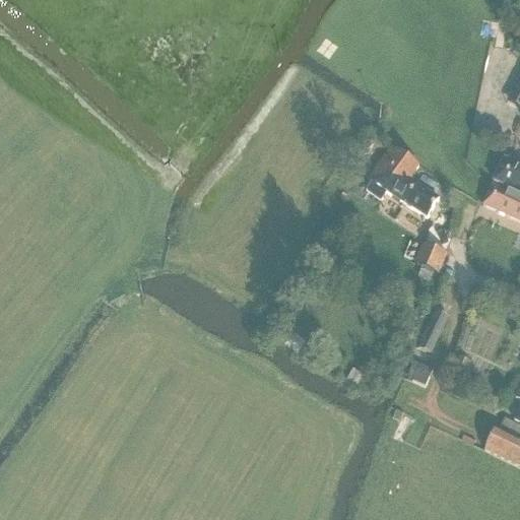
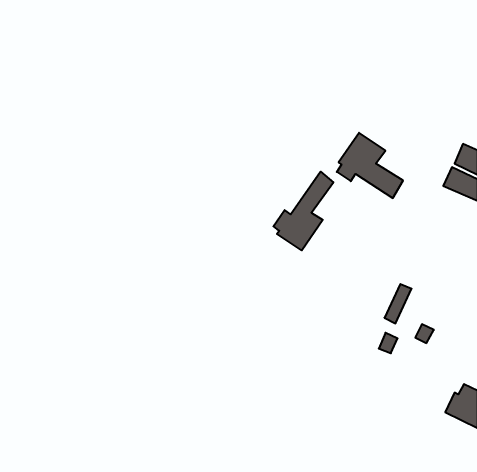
building: none -> [273,172,333,250]
building: [415,241,448,271] -> none

